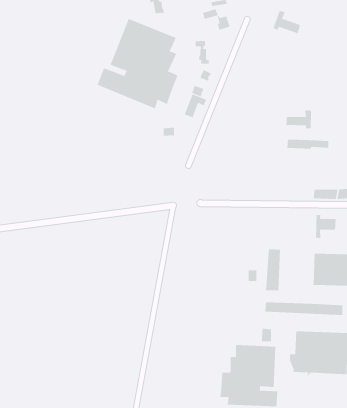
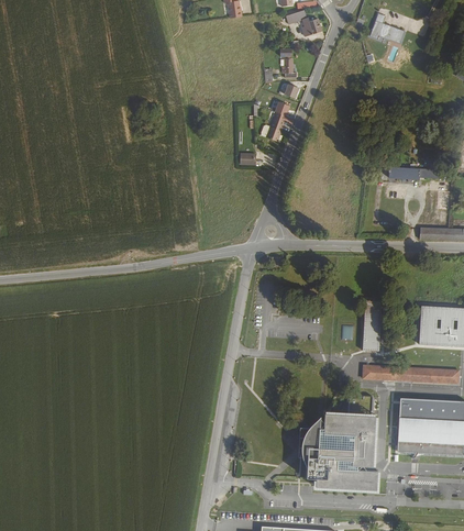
building: [97,18,178,109] -> none
building: [286,110,311,129] -> none
building: [316,214,336,239] -> none
building: none -> [302,418,321,468]

